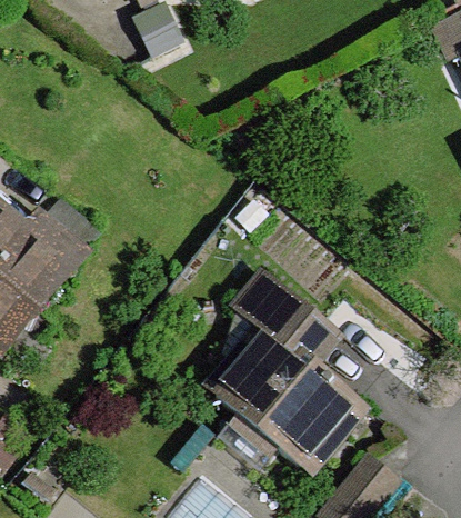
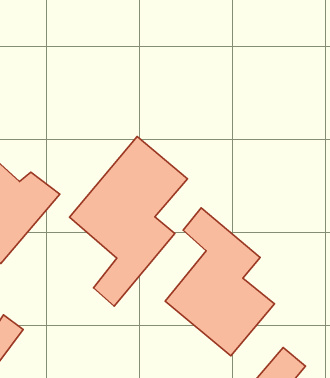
building: none -> [69,137,188,306]

